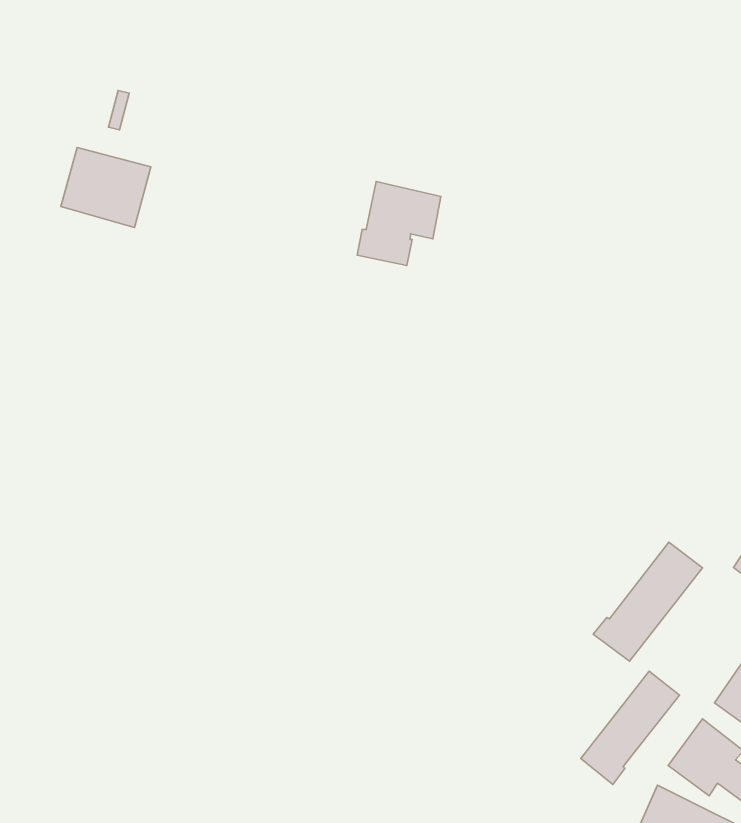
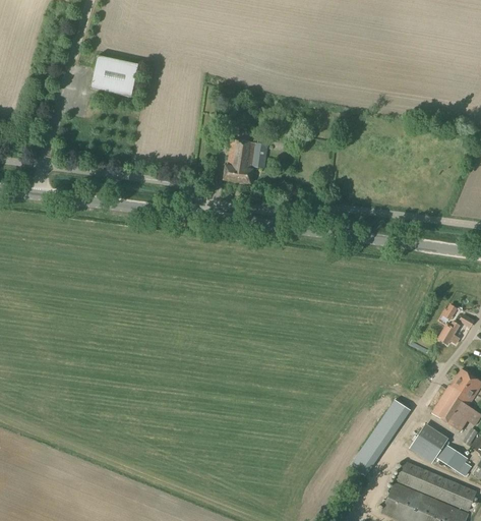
building: [61,148,151,227] -> [91,56,138,98]
building: [593,542,702,661] -> none

